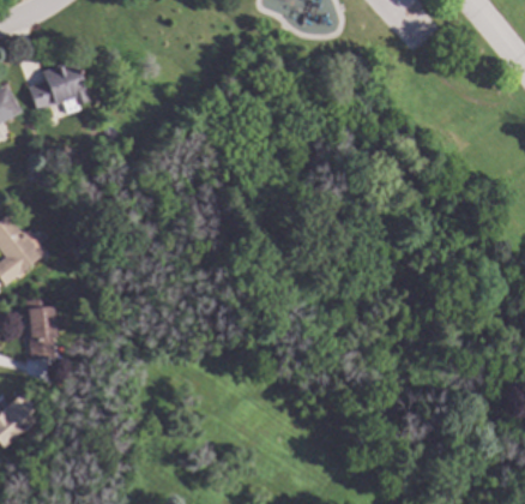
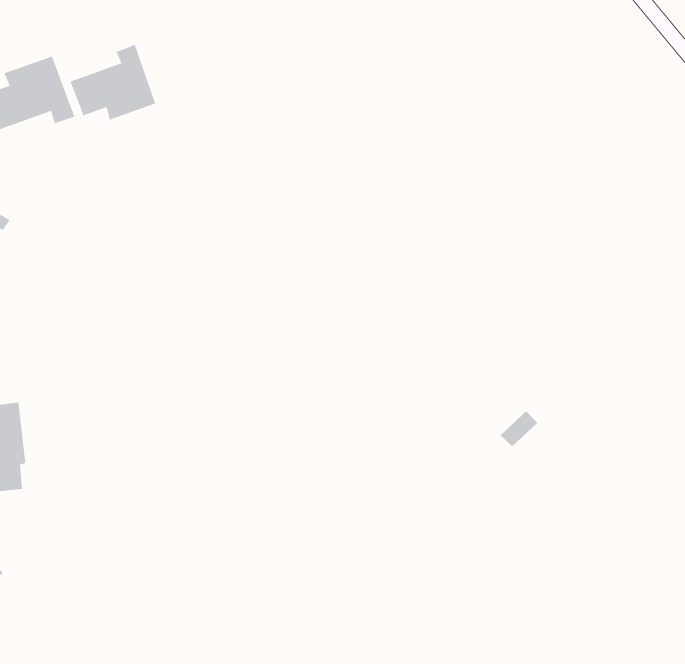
building: none -> [70,44,156,120]

